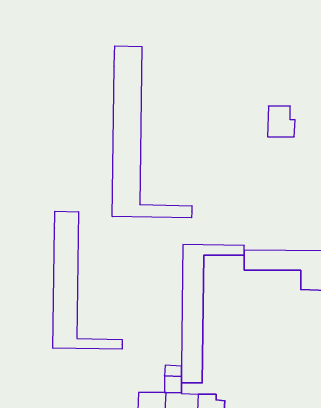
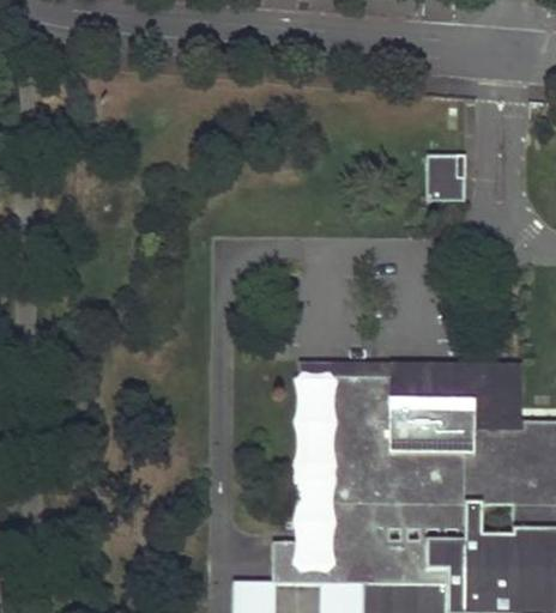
building: [112,46,192,218] -> none
building: [53,211,122,349] -> none

